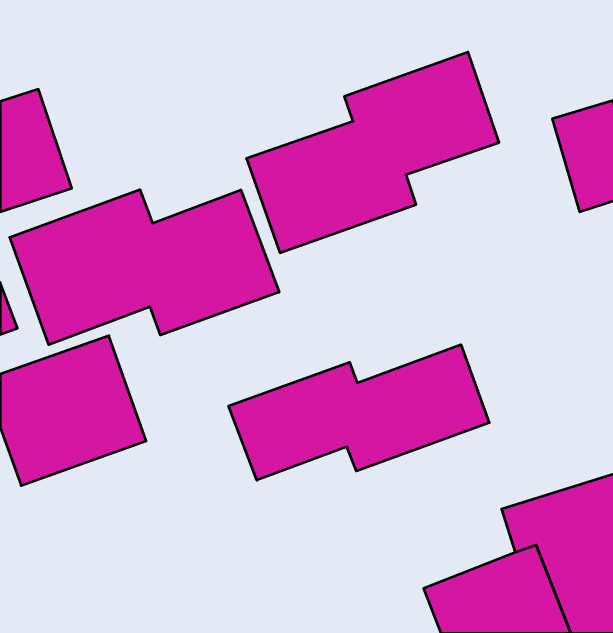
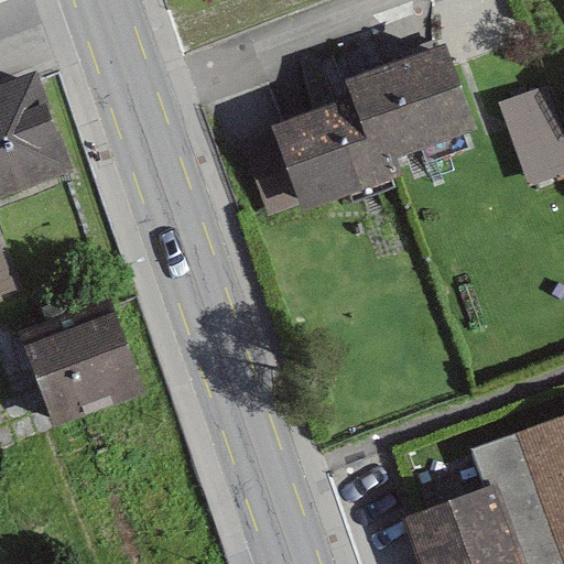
building: [10,190,279,345] -> none
building: [229,345,489,480] -> none

